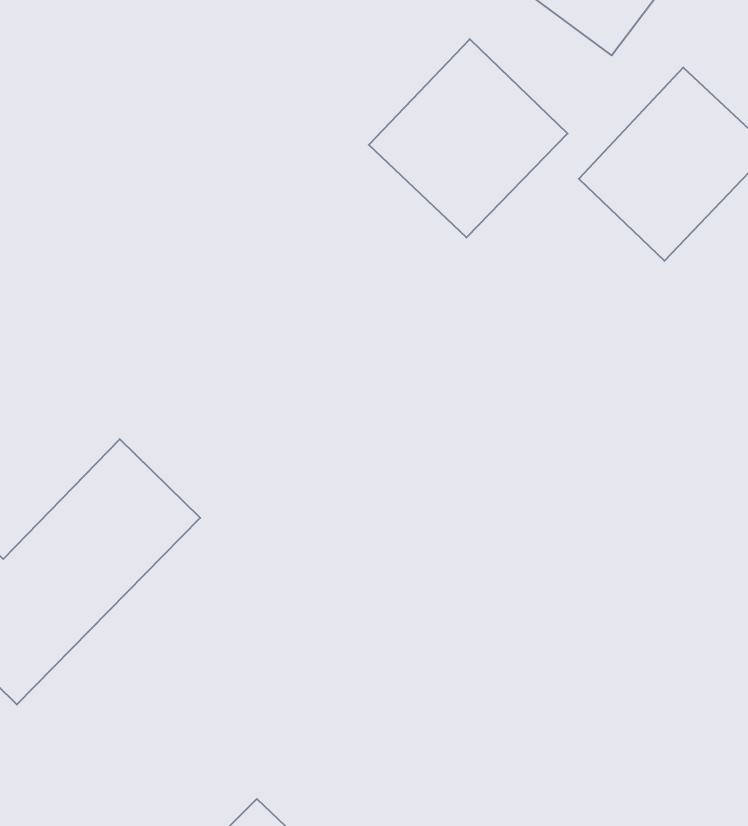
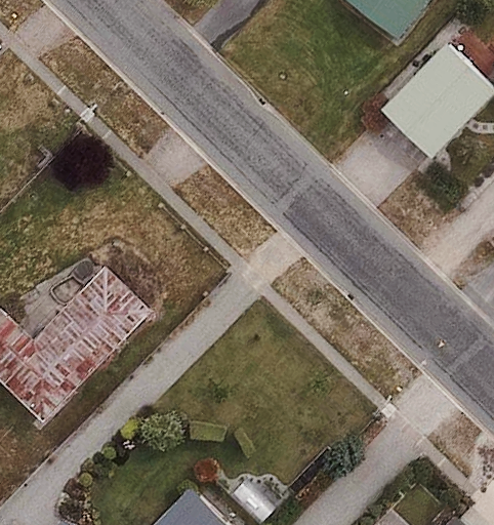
building: [369,39,568,238] -> none

